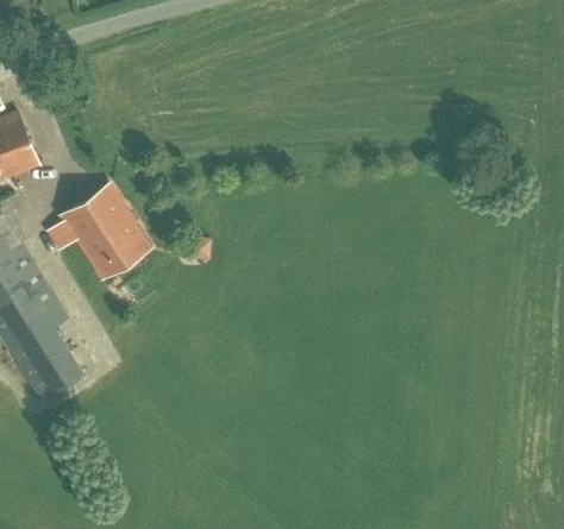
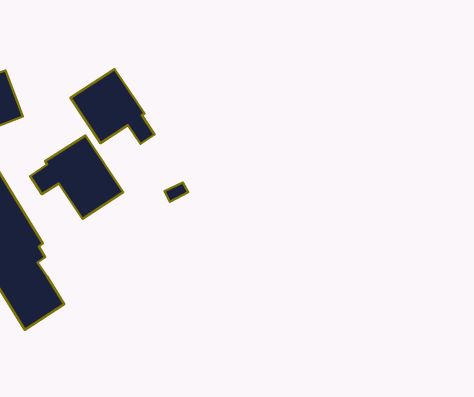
building: none -> [71,69,154,144]

